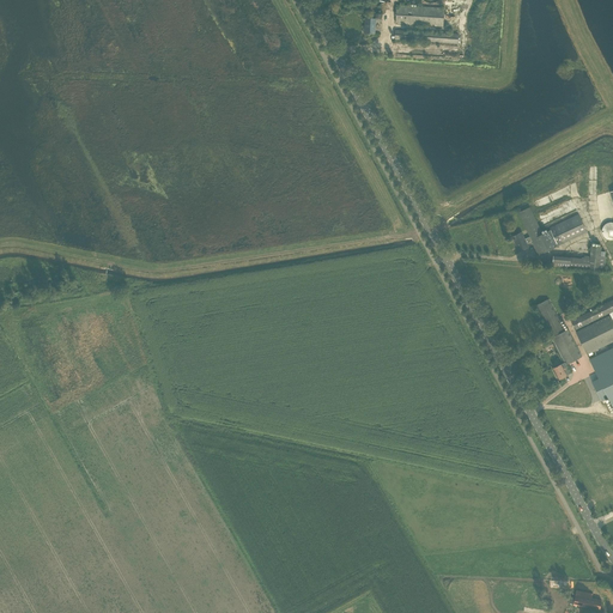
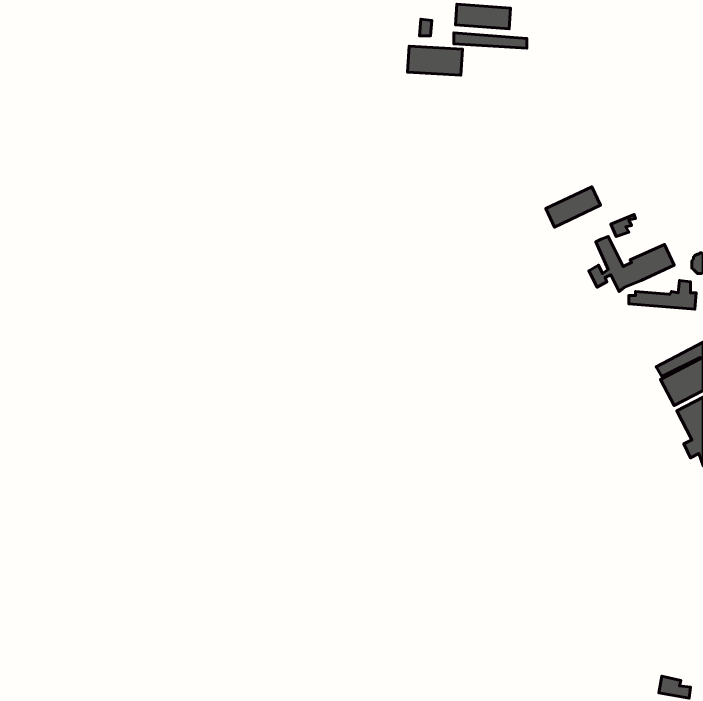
building: none -> [408,46,463,75]
building: none -> [546,187,600,227]
building: [535,298,582,377] -> none

